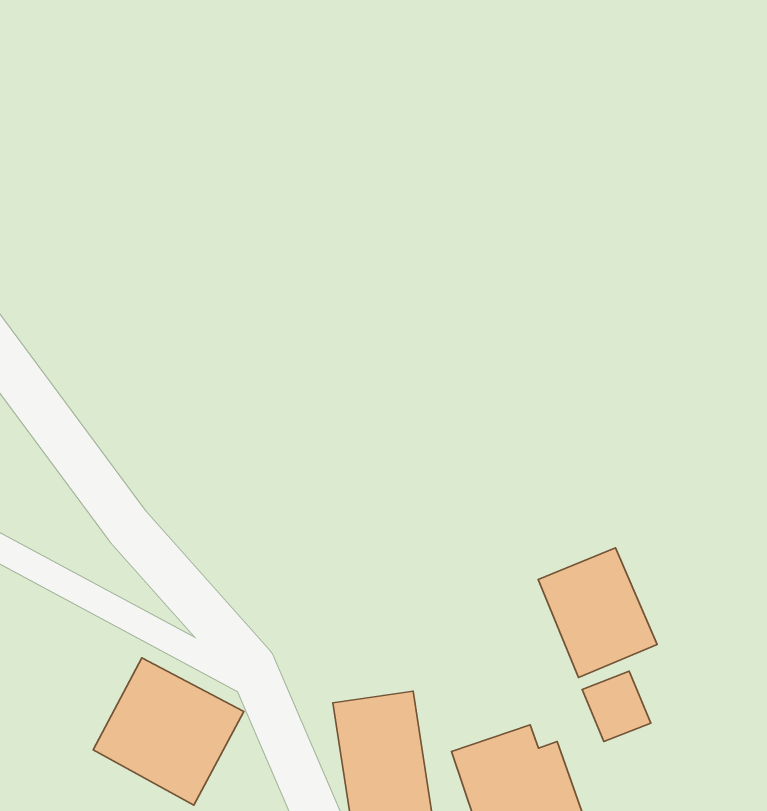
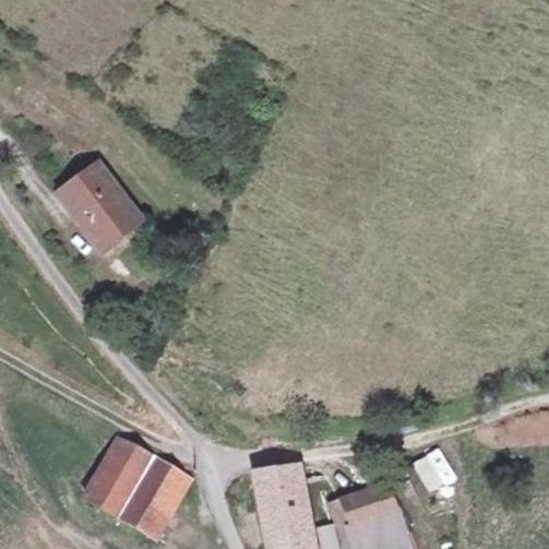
building: none -> [60,167,139,249]
building: [538,548,657,678] -> none

